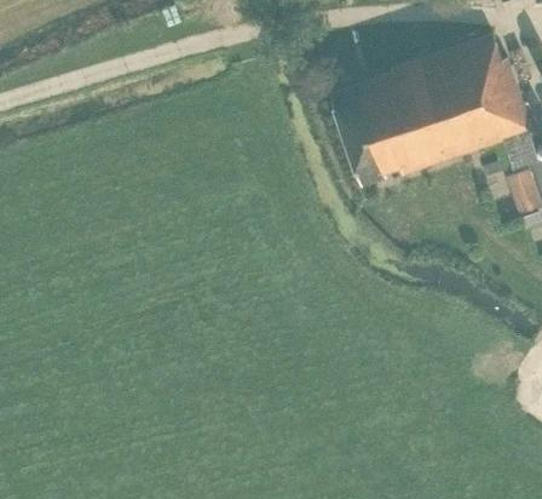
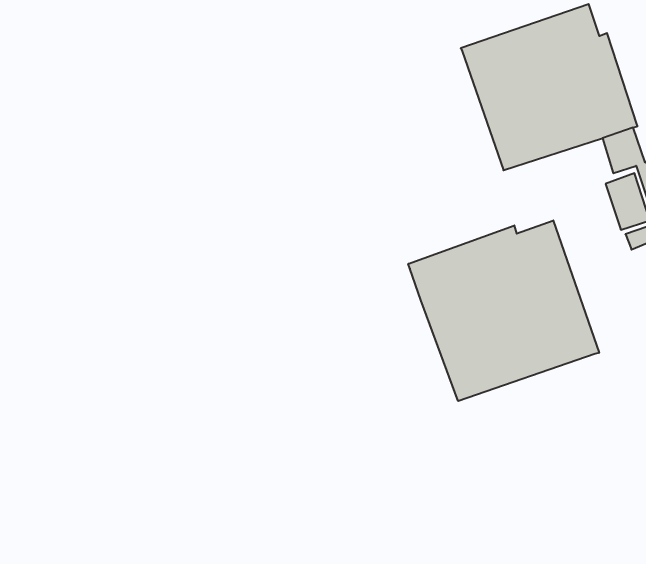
building: [329,70,423,184] -> none
building: none -> [408,220,599,401]

